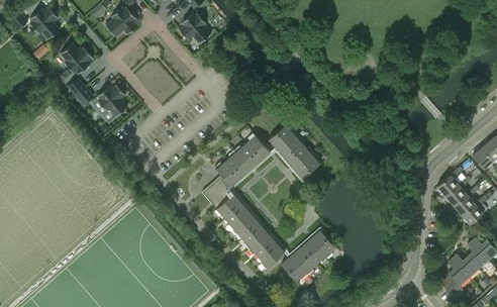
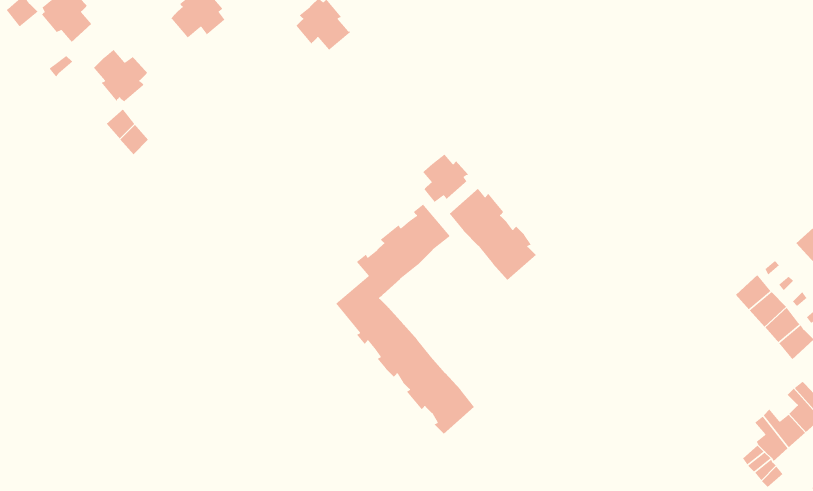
building: [90,84,127,122] -> none
building: none -> [421,153,469,204]
building: [281,230,335,282] -> none

